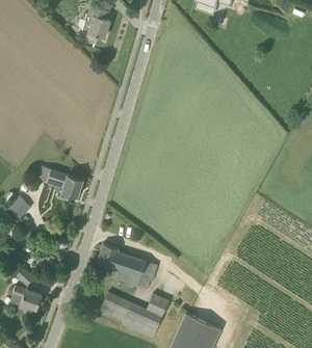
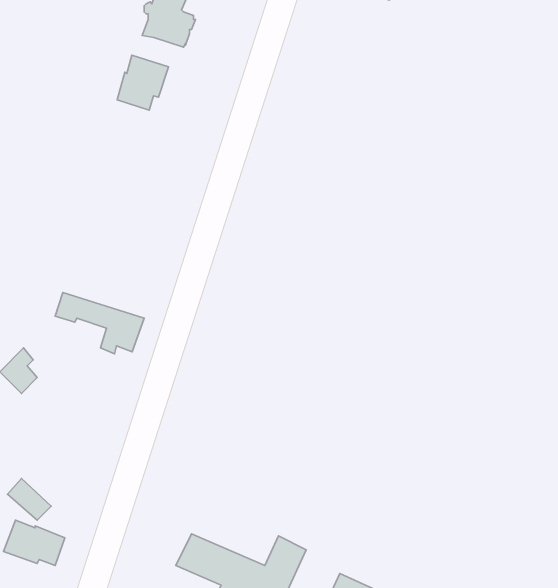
building: none -> [117,55,169,110]
building: [97,243,158,290] -> none

